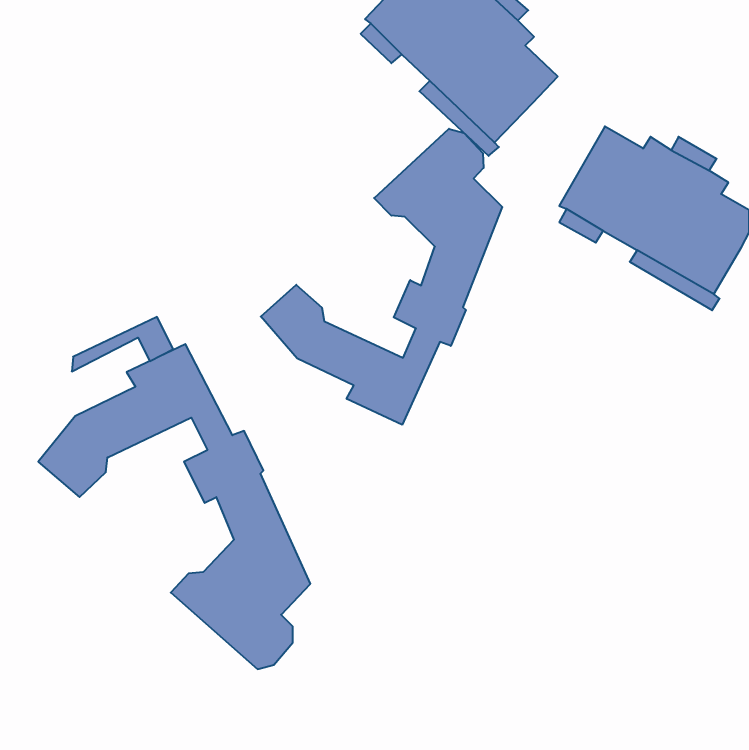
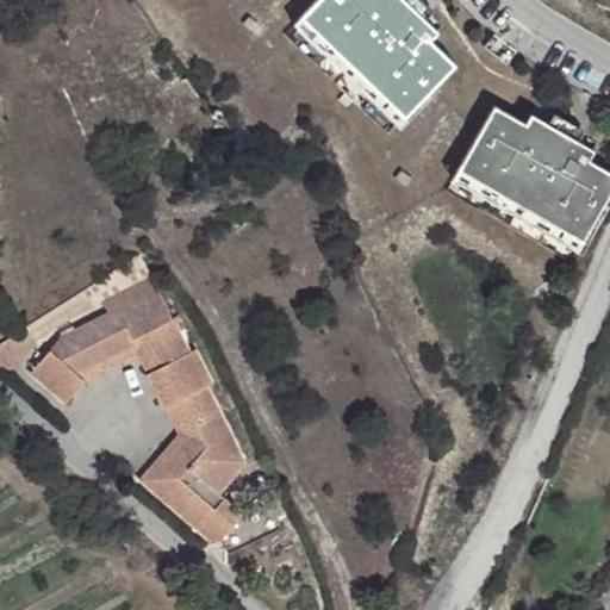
building: [261,129,502,425] -> none
building: [72,317,173,371] -> [86,338,168,382]

